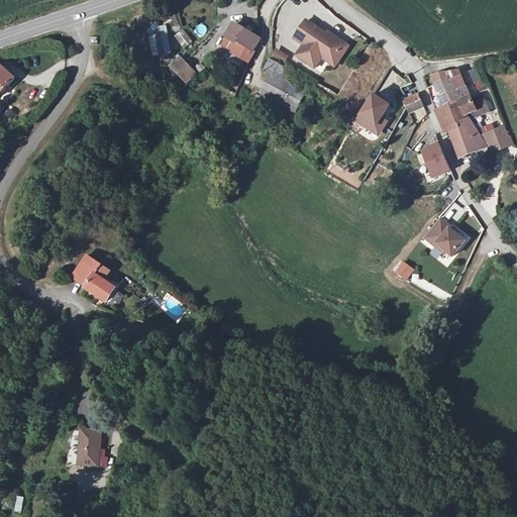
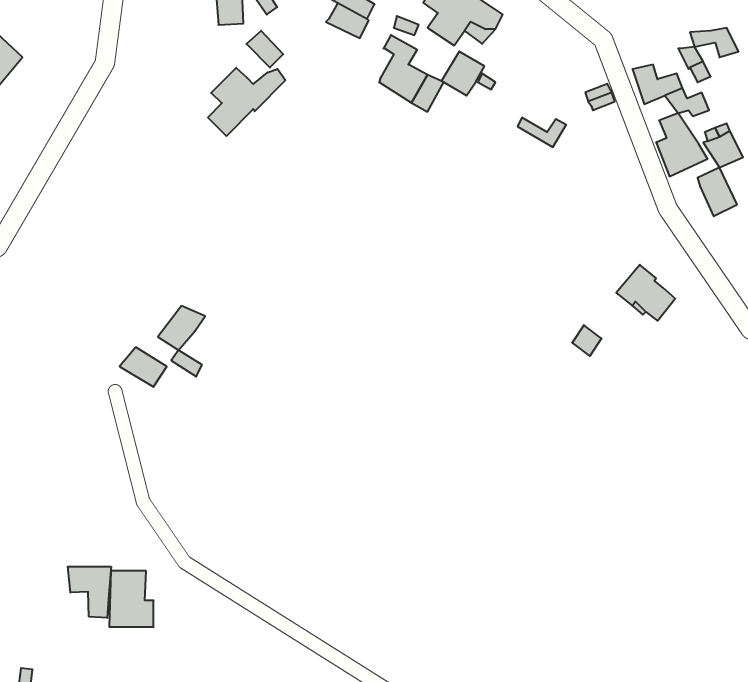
building: [431,70,464,90] -> [690,28,739,57]
building: none -> [208,68,285,136]
building: [358,96,388,126] -> [442,51,484,96]
building: [435,101,466,132] -> none
building: [422,143,449,177] -> [697,168,737,216]
building: [69,256,101,287] -> [158,306,205,350]
building: none -> [68,567,111,618]

